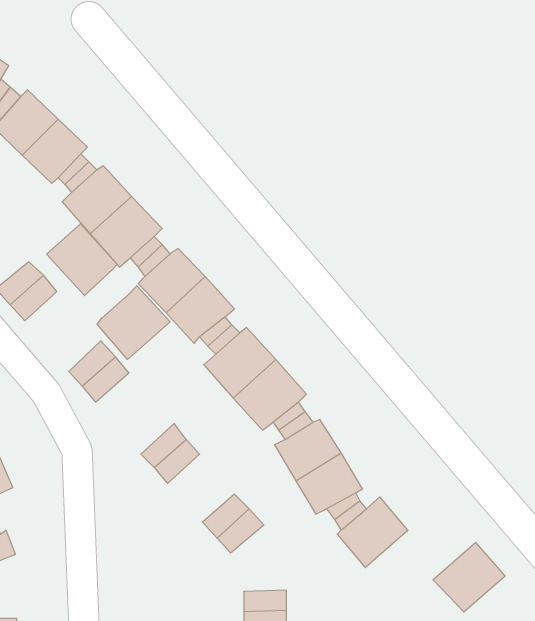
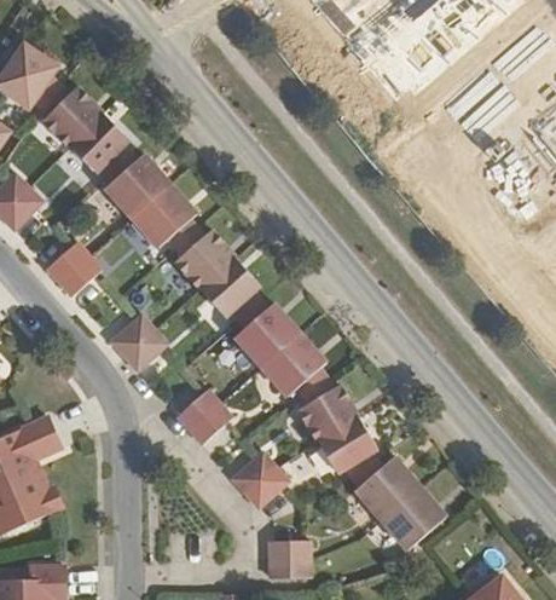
building: [47,224,117,296] -> none
building: [97,286,170,359] -> none
building: [433,543,505,612] -> [380,486,445,549]

